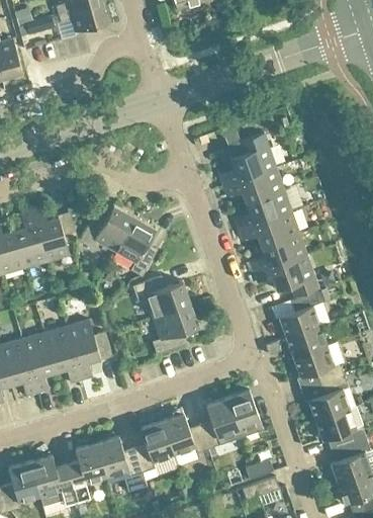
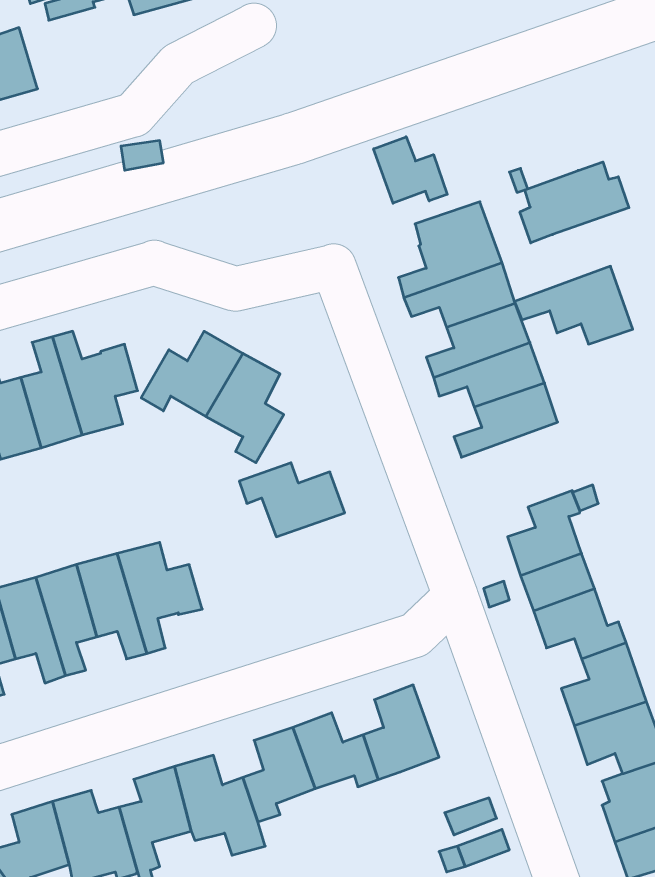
building: none -> [374,137,447,203]
building: none -> [520,162,629,243]
building: [254,254,318,296] -> [514,266,633,344]
building: [153,304,198,354] -> none
building: [227,390,263,437] -> none

